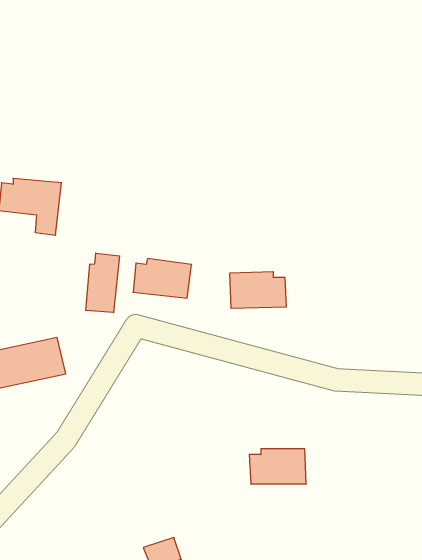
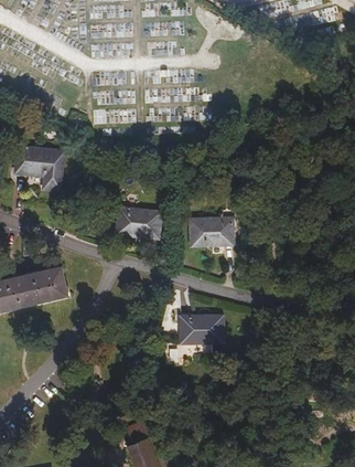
building: [86,253,120,313] -> none
building: [249,449,306,484] -> [181,316,224,342]

